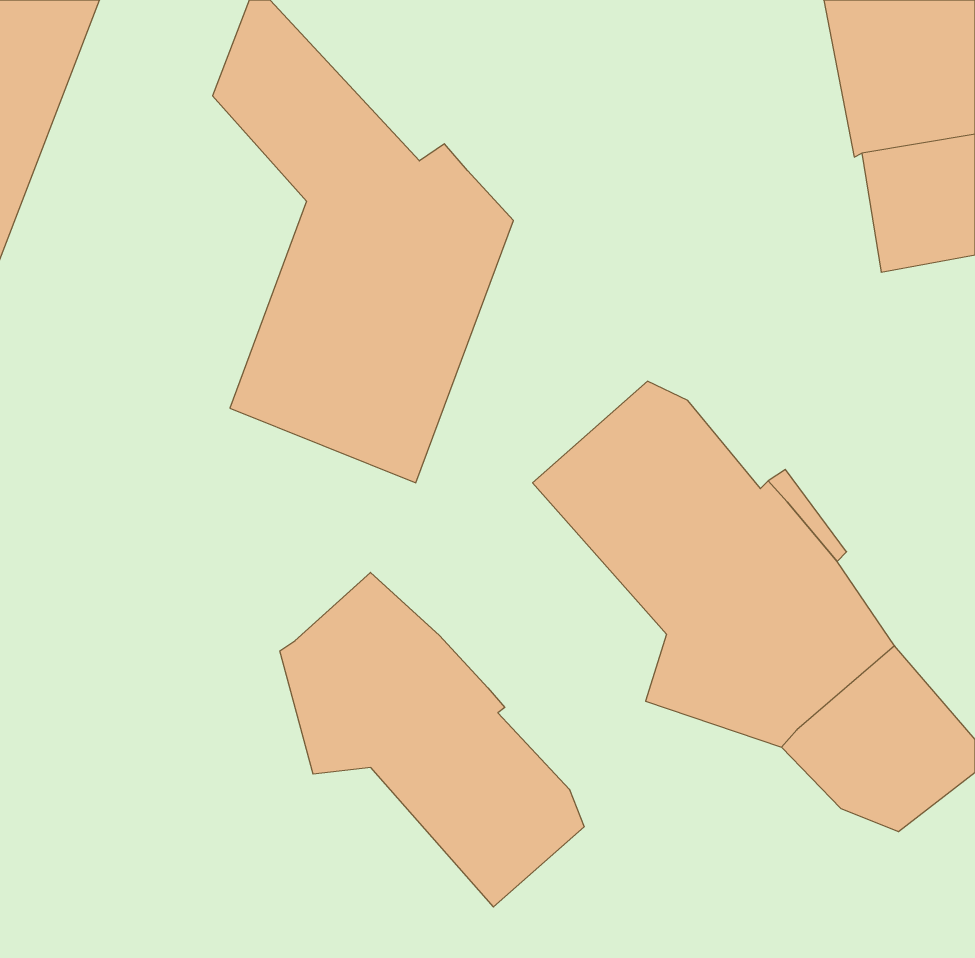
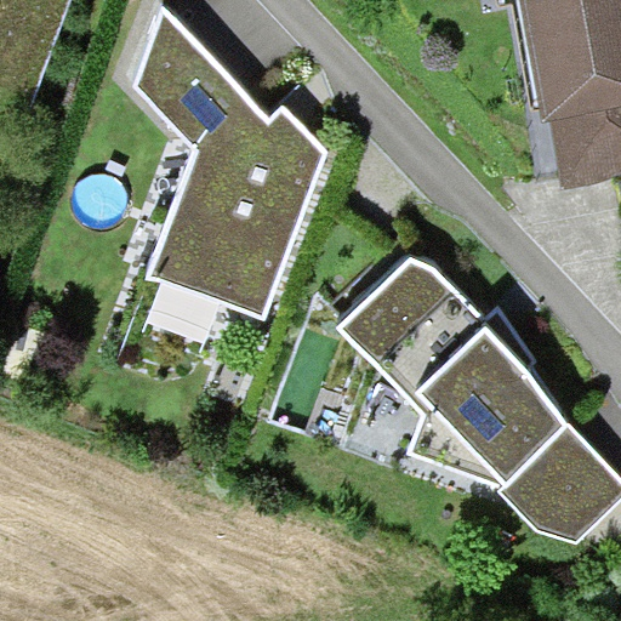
building: [280,572,584,907] -> none

